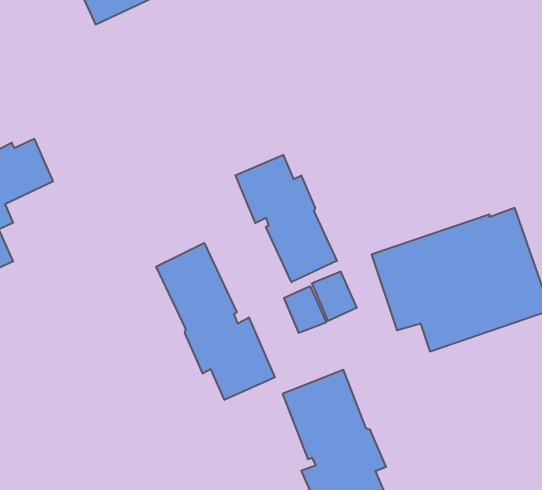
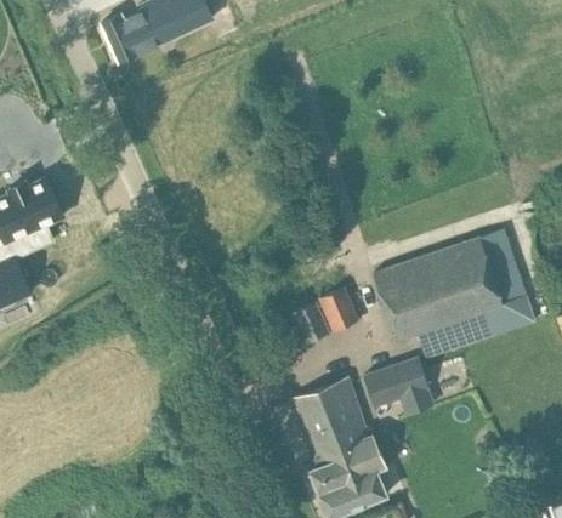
building: [235,155,337,282] -> none
building: [156,243,275,400] -> none
building: none -> [364,357,435,415]

